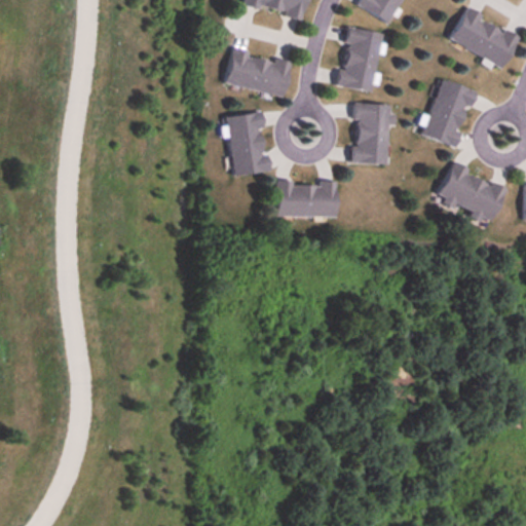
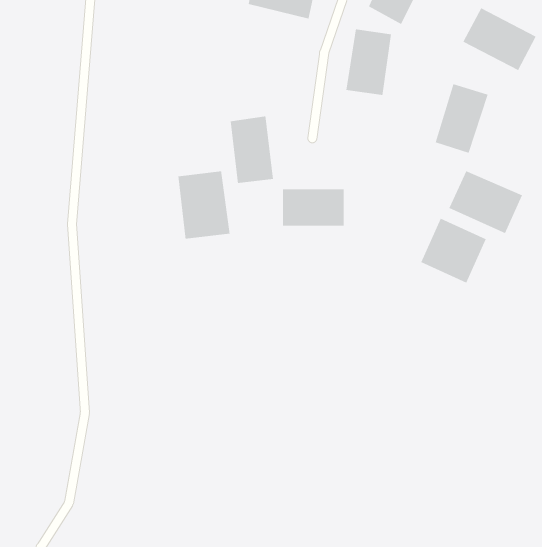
building: [225,47,291,96] -> none
building: [352,103,390,165] -> none
building: none -> [178,171,230,239]
building: none -> [421,218,487,283]

